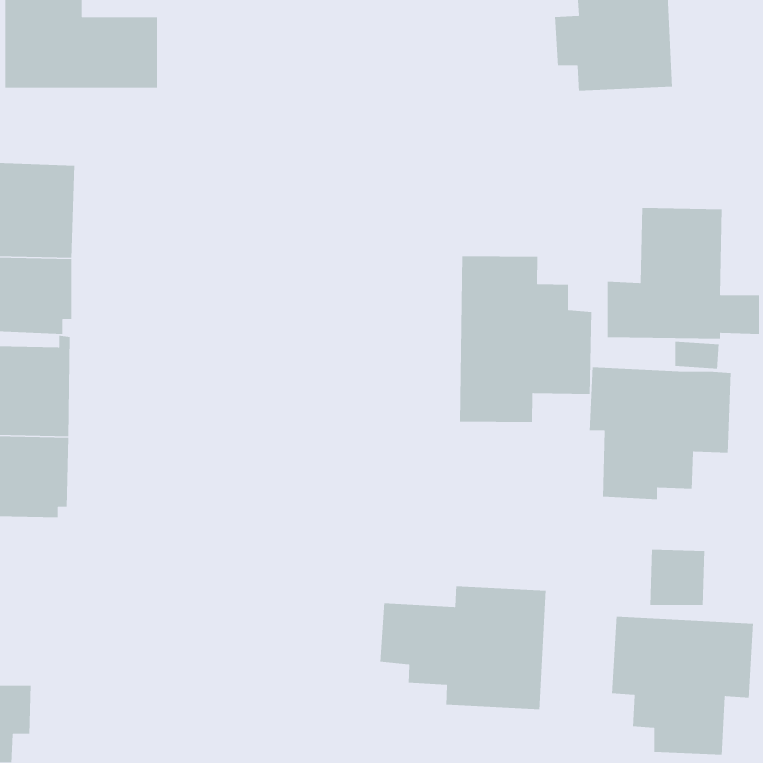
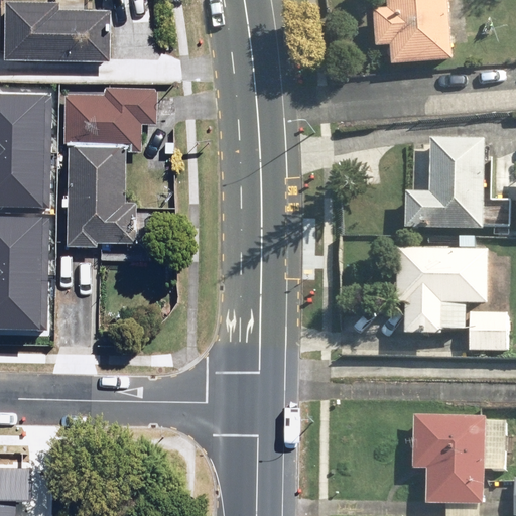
building: none -> [58,86,156,245]
building: [459,255,592,423] -> none
building: [650,549,705,606] -> [468,310,505,349]
building: [379,586,547,710] -> none

